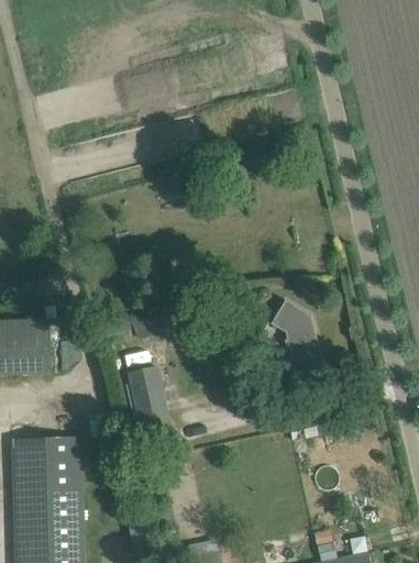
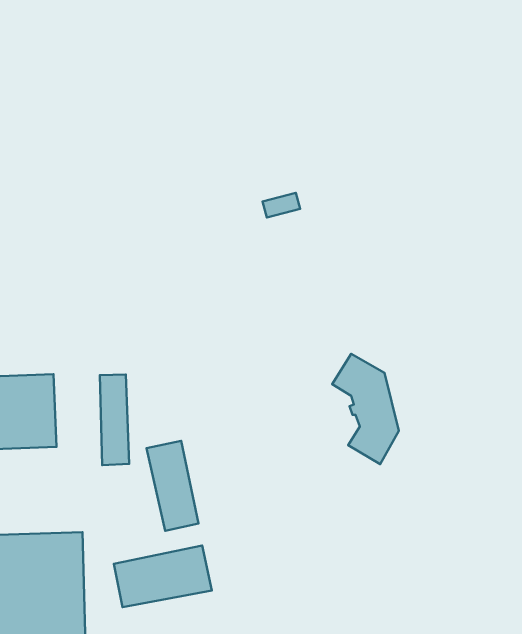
building: none -> [100,375,129,465]
building: none -> [114,545,212,607]

